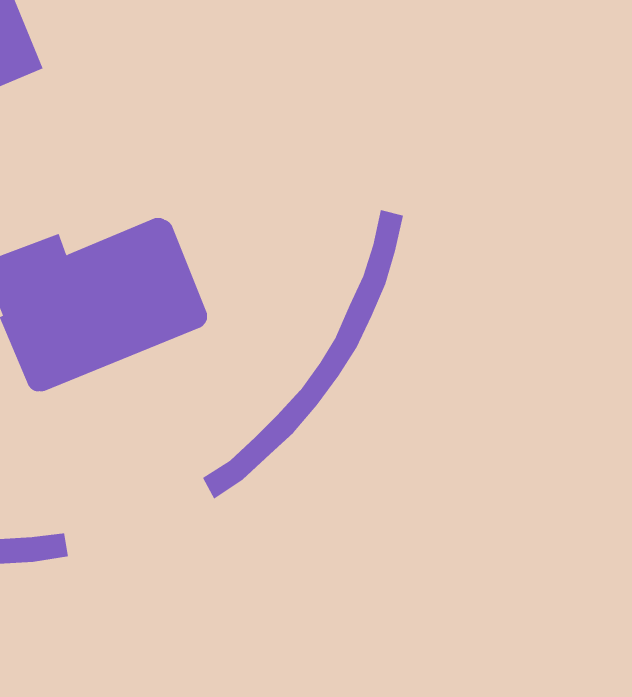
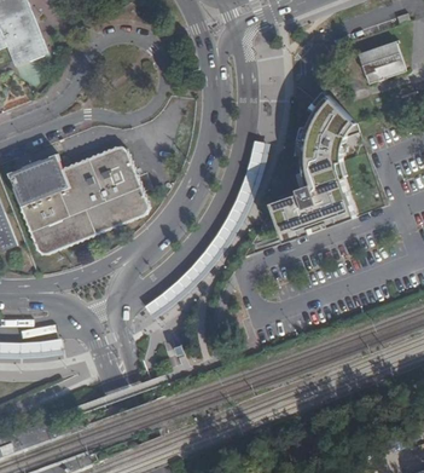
building: none -> [356,40,403,82]
building: none -> [268,93,356,241]

